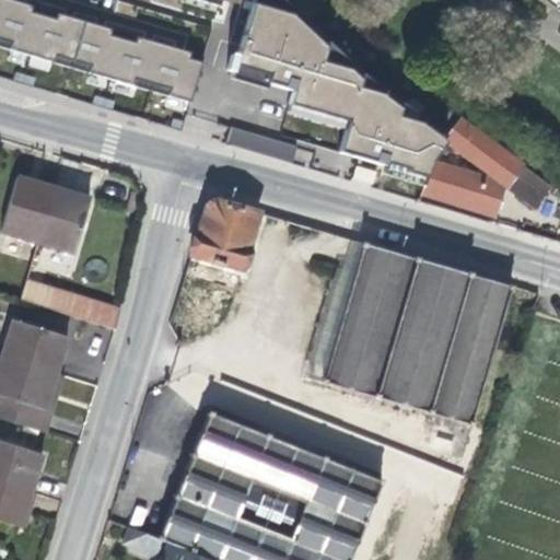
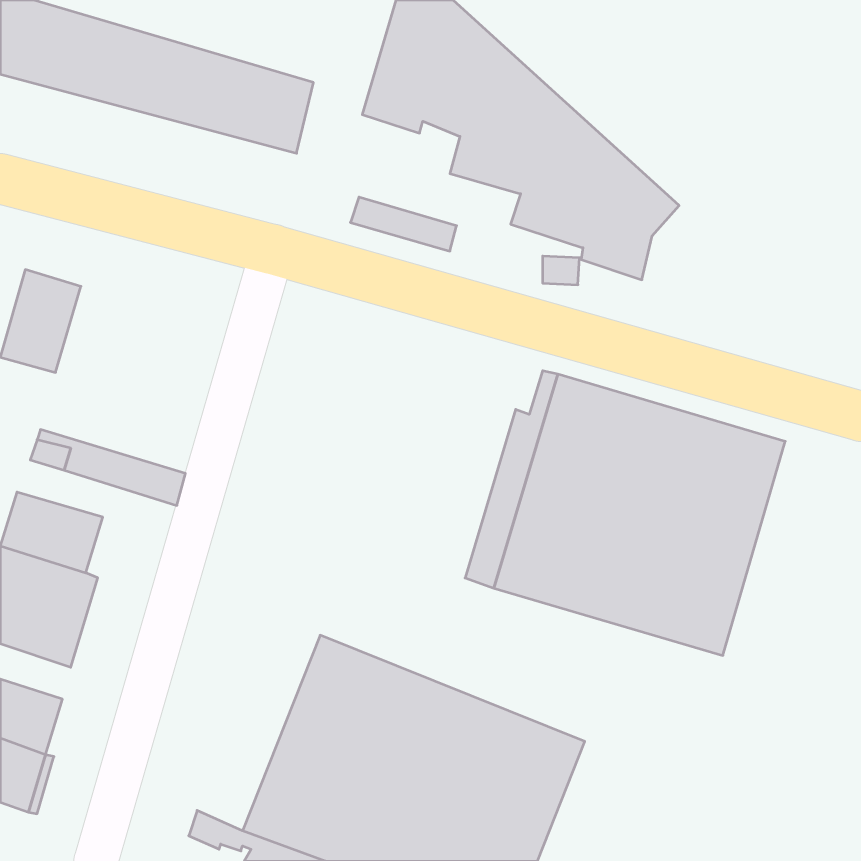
building: [419,119,550,217] -> none
building: [36,186,90,253] -> none
building: [190,198,258,269] -> none

